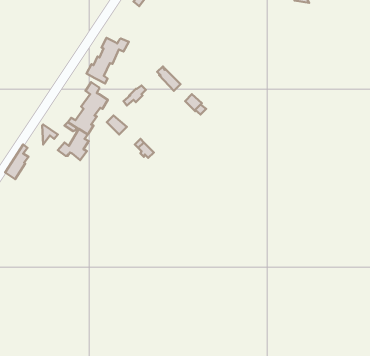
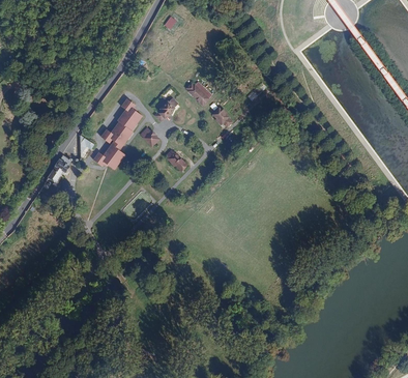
building: [86,38,129,84] -> none

